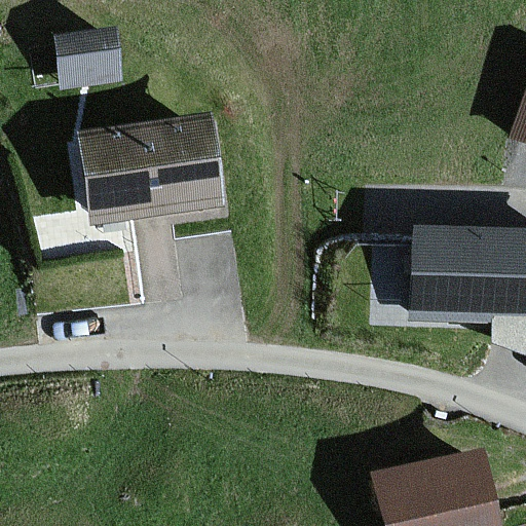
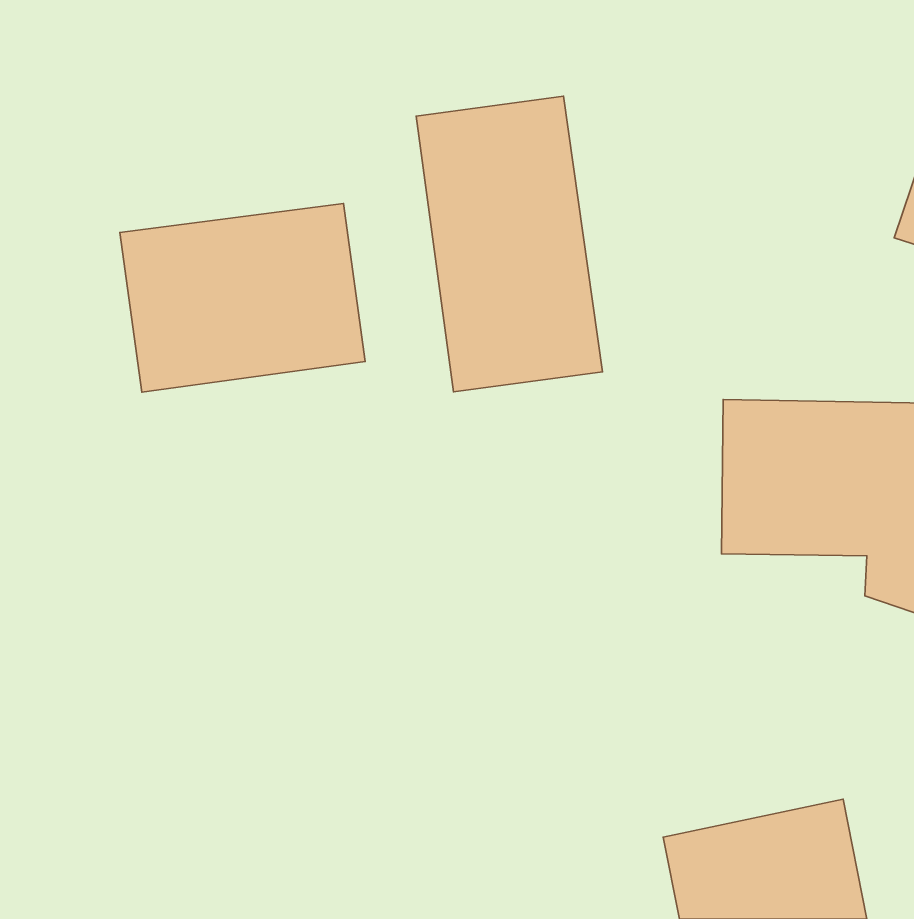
building: [51,29,123,92] -> none
building: none -> [416,96,603,392]

